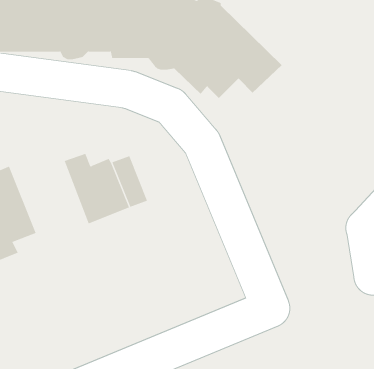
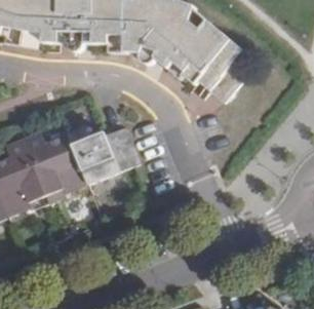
building: none -> [18,132,81,194]

